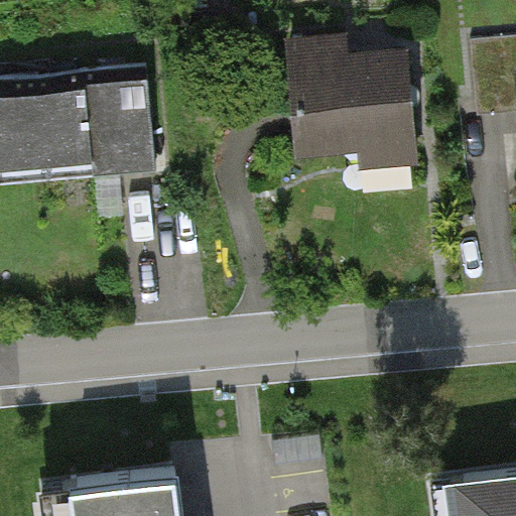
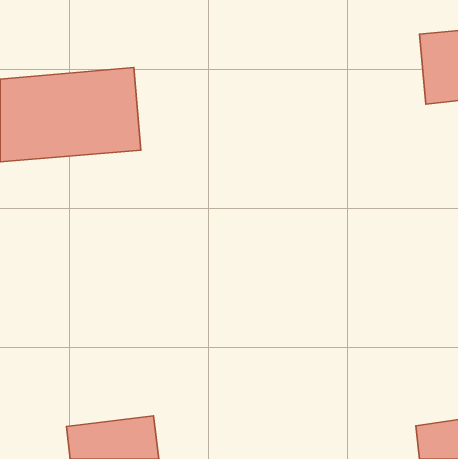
building: [282,42,413,160] -> none

